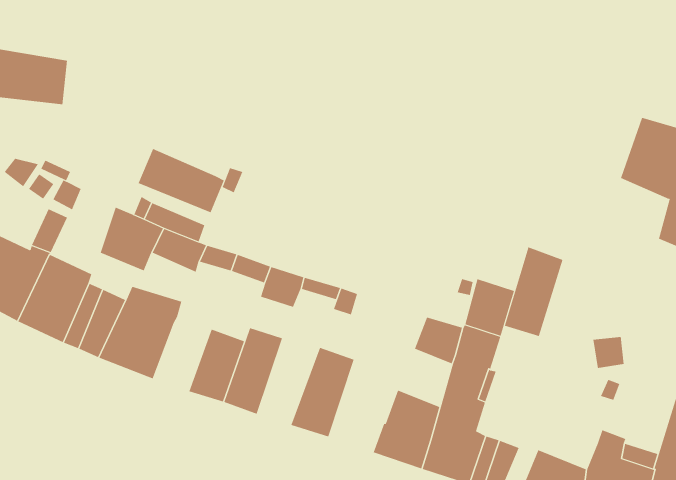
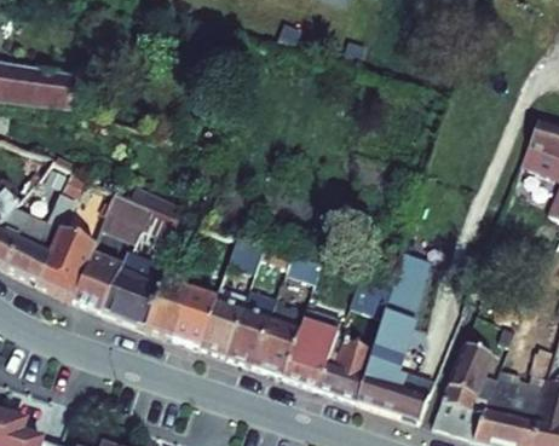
building: [138,148,225,213] -> none
building: [504,247,563,337] -> none
building: none -> [144,277,190,336]
building: none -> [226,288,277,363]
building: none -> [283,307,342,384]
building: none -> [449,340,496,398]

